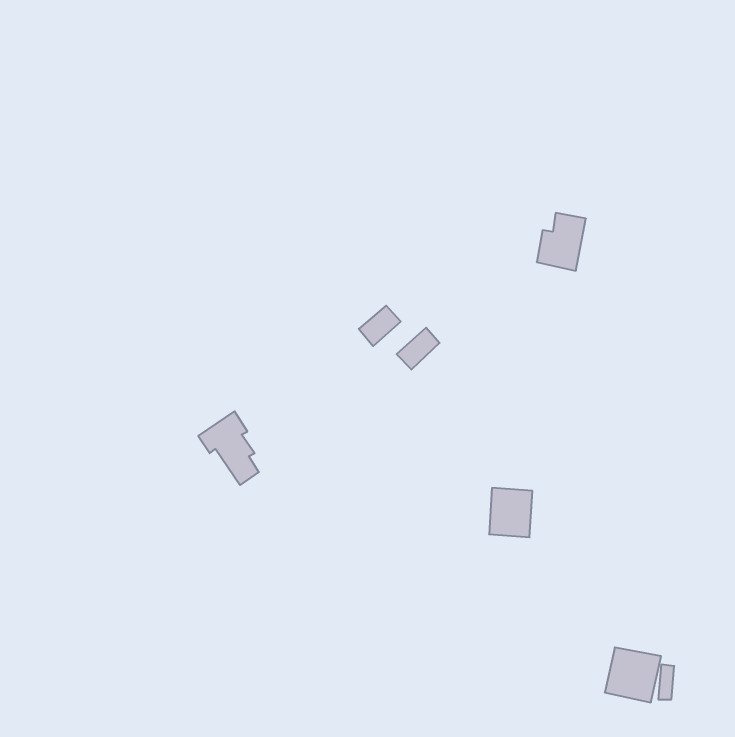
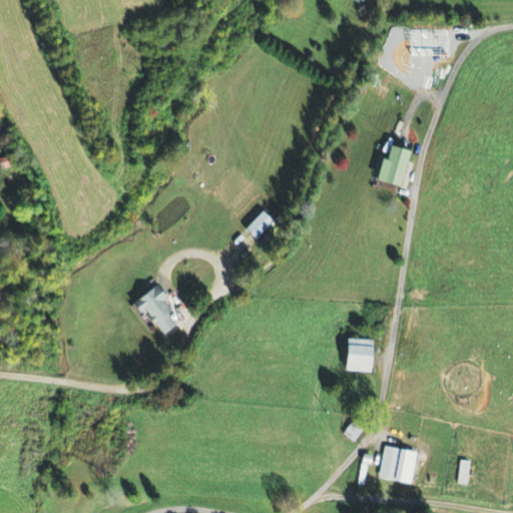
building: [397,328,440,370] -> none
building: [605,647,661,702] -> [378,446,417,484]

